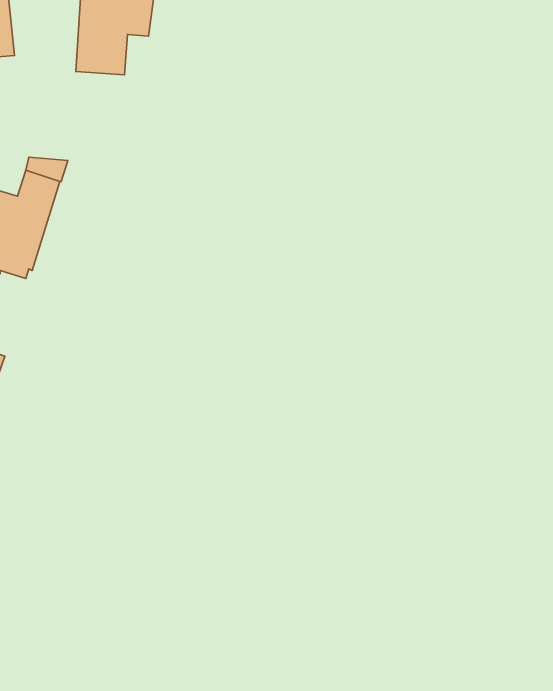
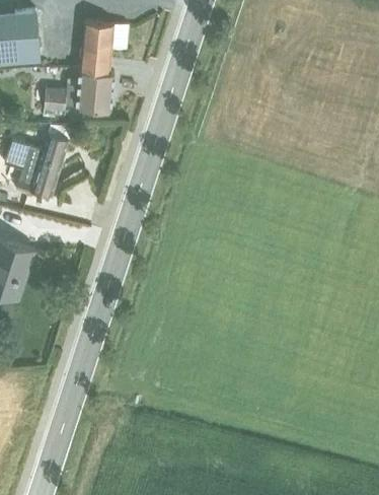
building: none -> [43,72,113,121]

